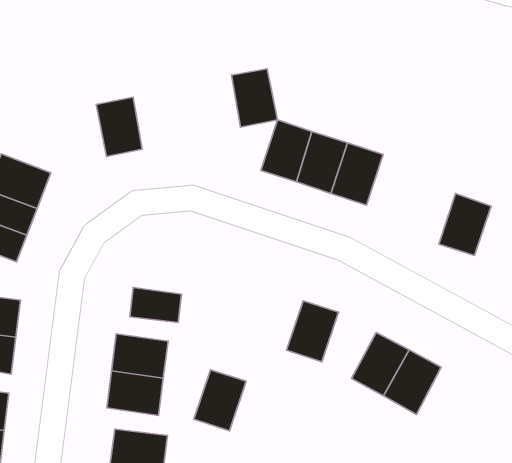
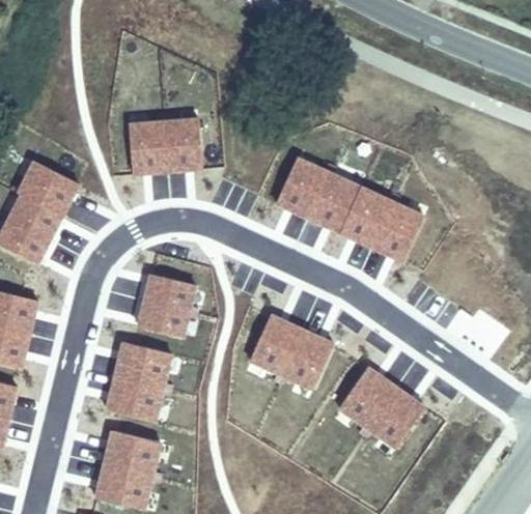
building: [231,69,277,127] -> [163,119,201,171]
building: [439,194,491,256] -> [370,201,423,261]
building: none -> [143,274,195,311]
building: [194,370,246,431] -> [248,315,301,374]

